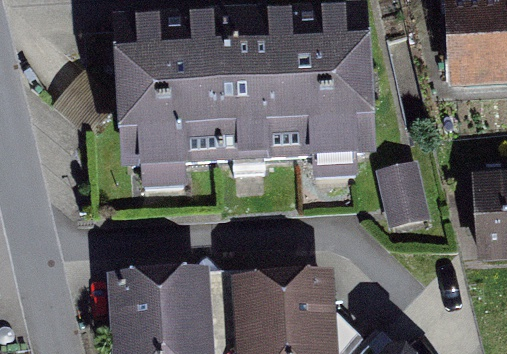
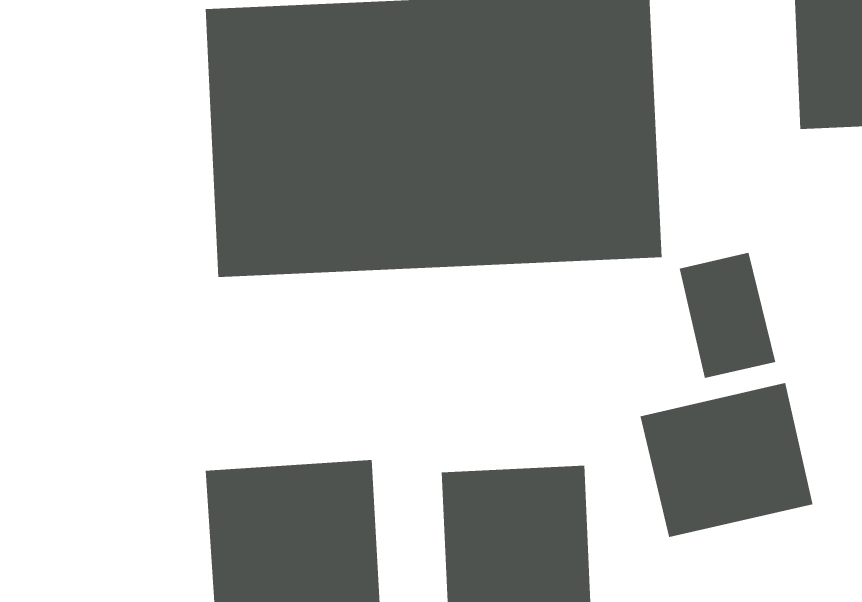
building: none -> [640,382,813,538]

